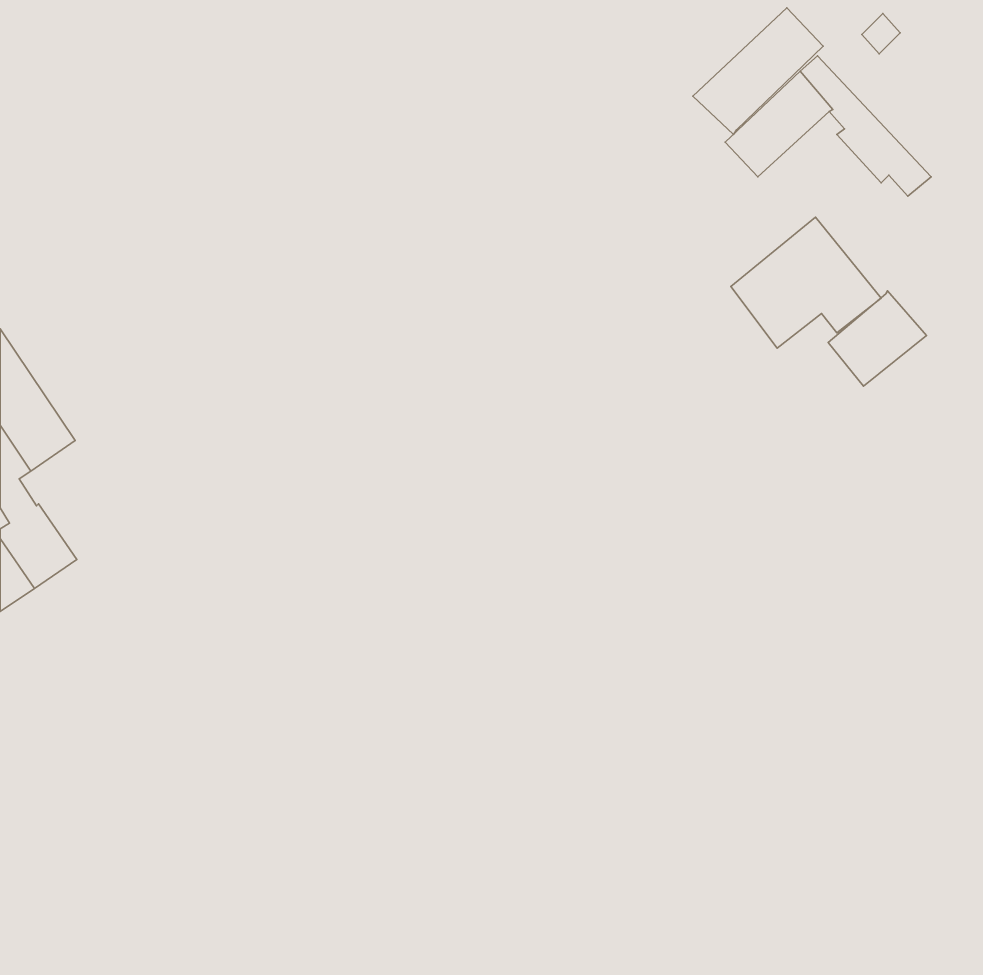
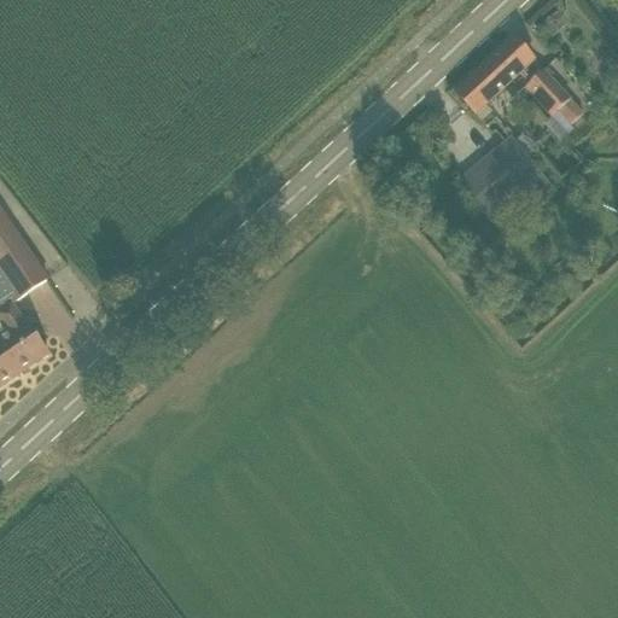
building: [693,8,823,134] -> none
building: [828,291,926,386] -> none

